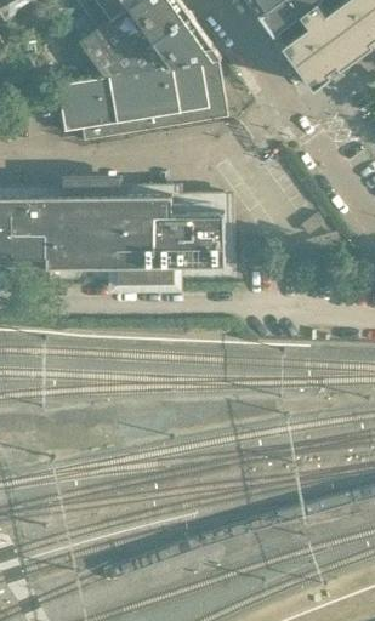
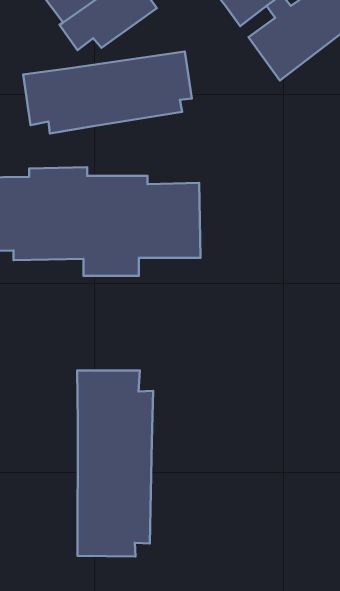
building: [76,15,220,75] -> none
building: none -> [77,371,153,557]

